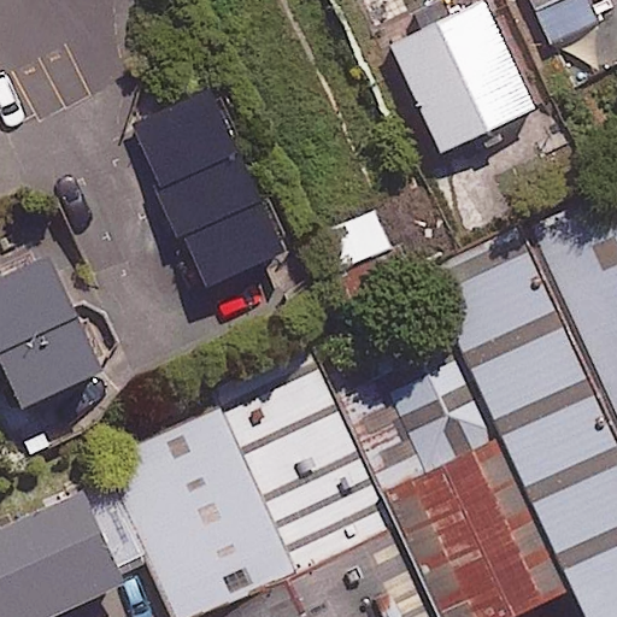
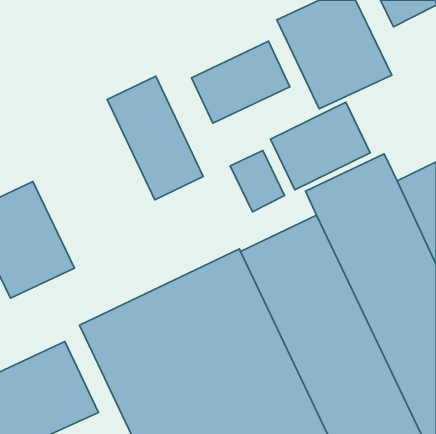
building: none -> [191,41,290,123]
building: none -> [270,102,370,190]

